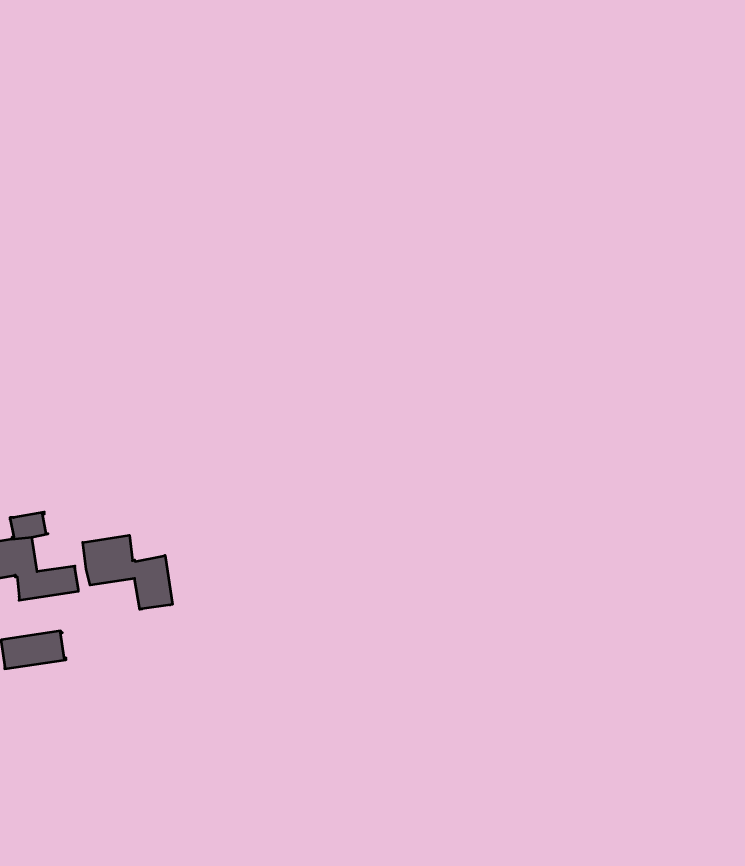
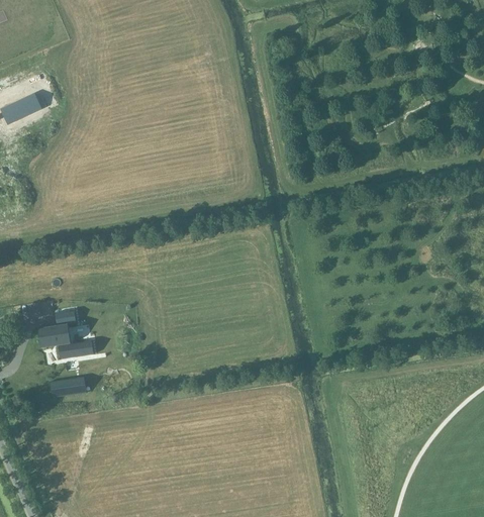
building: [83,535,172,609] -> none

